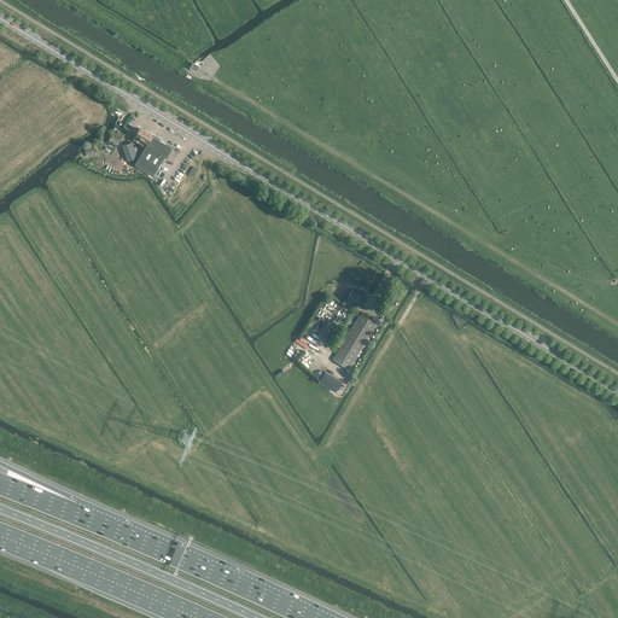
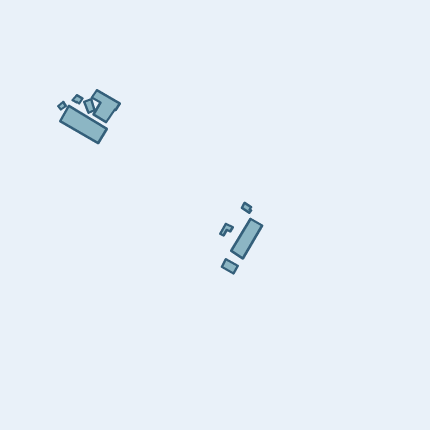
building: none -> [60,106,107,143]

